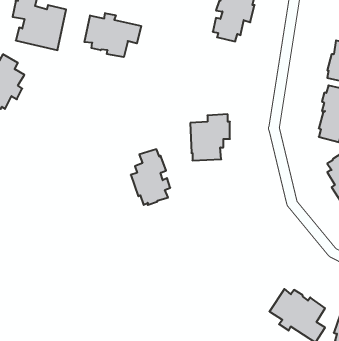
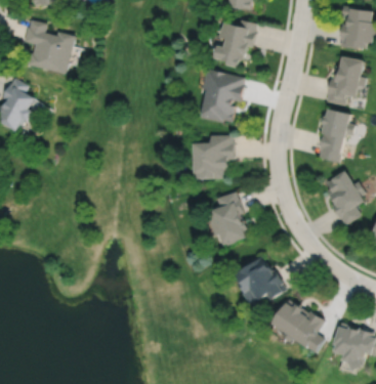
building: [84,13,141,57] -> none
building: none -> [201,69,244,123]
building: [131,149,170,205] -> [209,191,247,245]
building: none -> [234,257,286,306]

